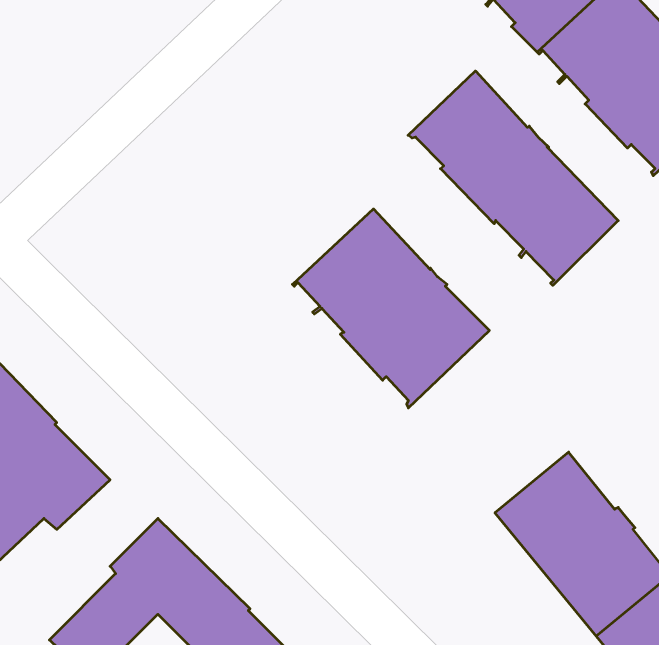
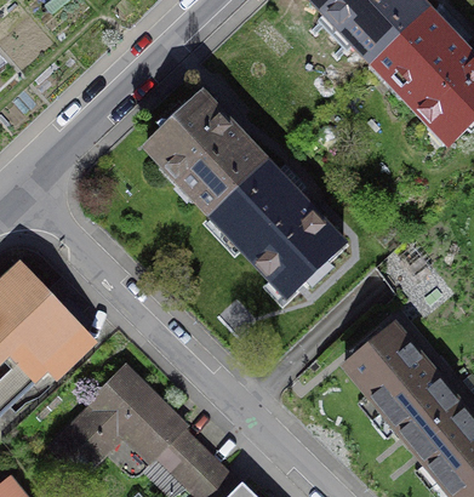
building: [408,71,618,285] -> none
building: none -> [147,95,265,213]

